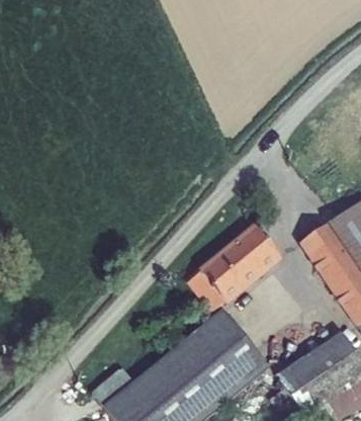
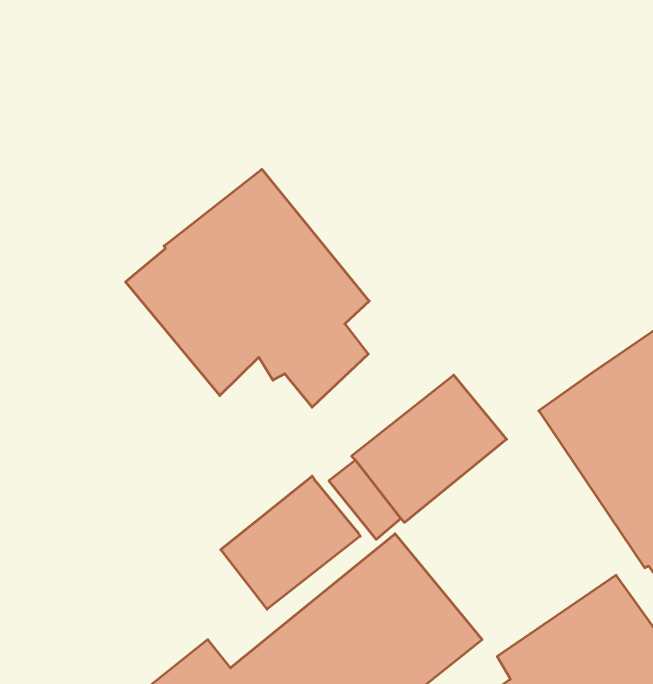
building: none -> [126,169,369,407]
building: none -> [221,476,360,609]

